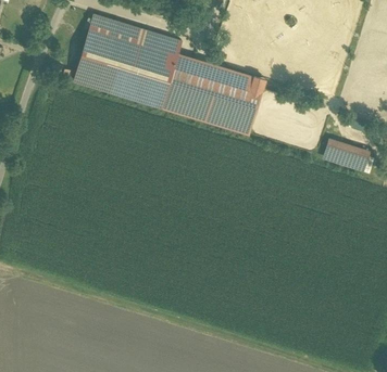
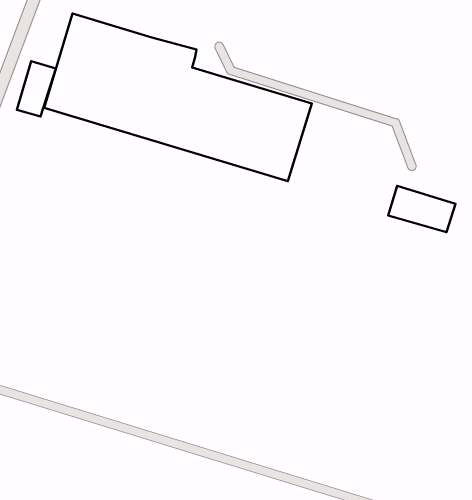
building: none -> [17,61,56,117]

